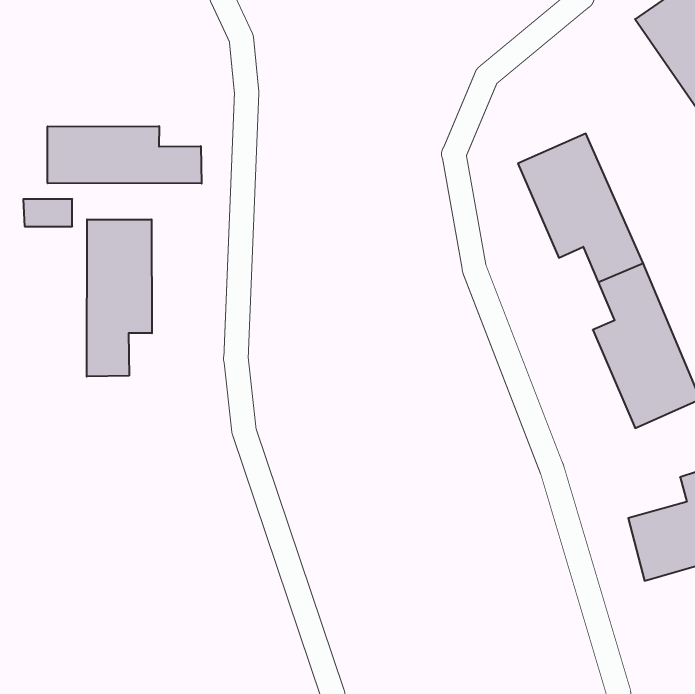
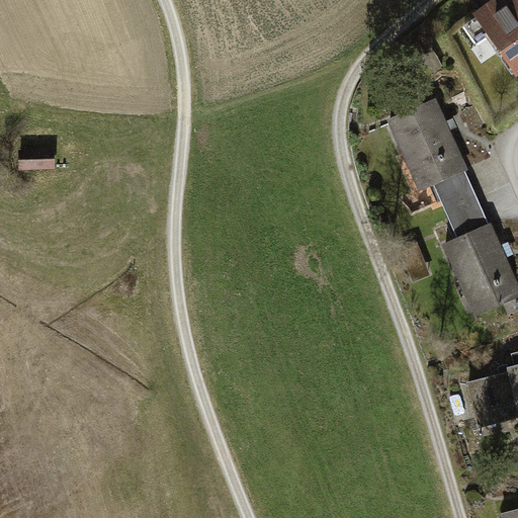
building: [48,126,202,184] -> none
building: [87,219,152,377] -> none

